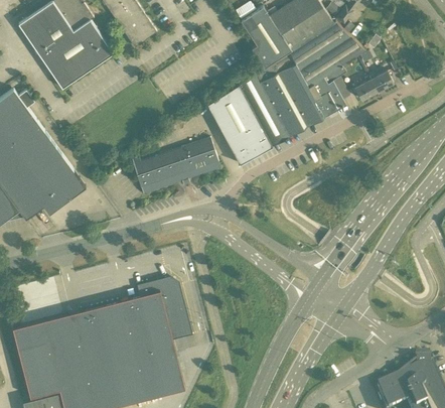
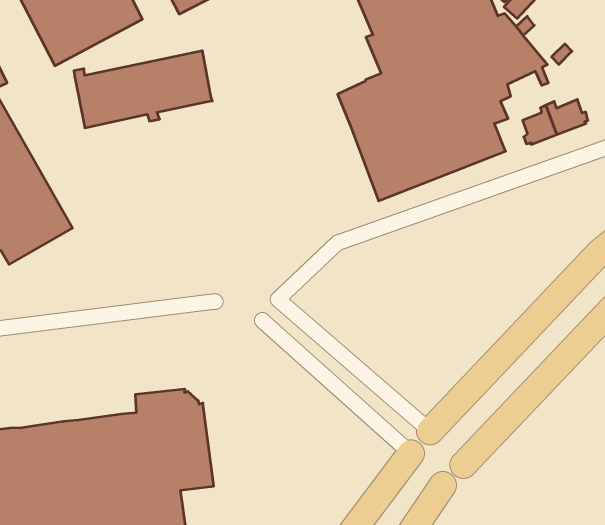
building: [206,84,272,164] -> none
building: [133,137,220,193] -> [74,51,212,128]

